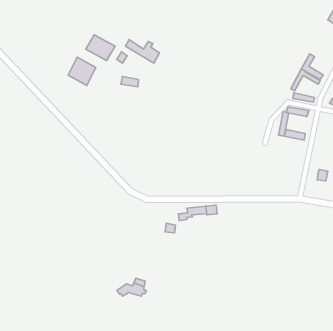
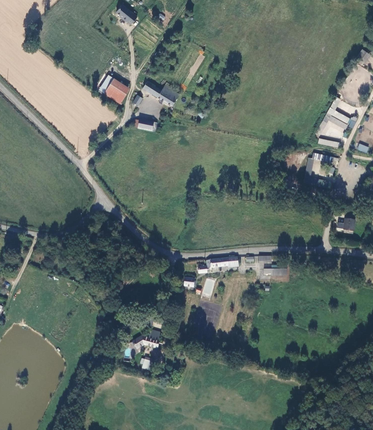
building: [68,57,96,86] -> none

